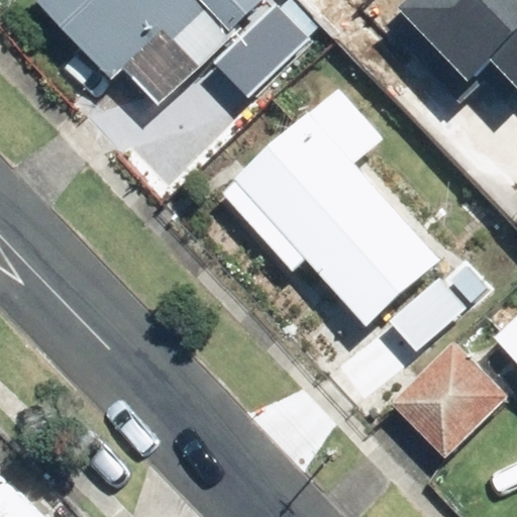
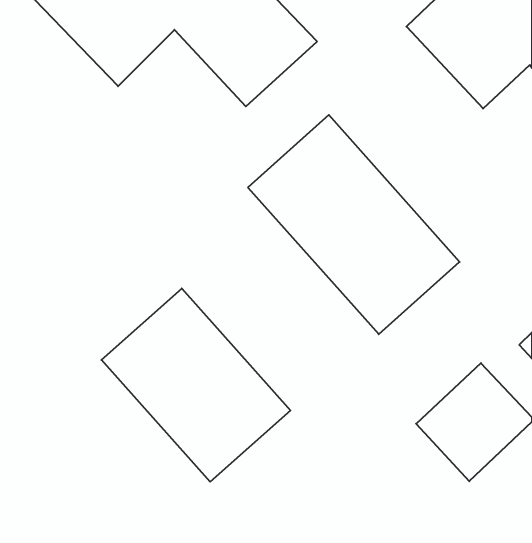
building: none -> [101,288,290,482]

